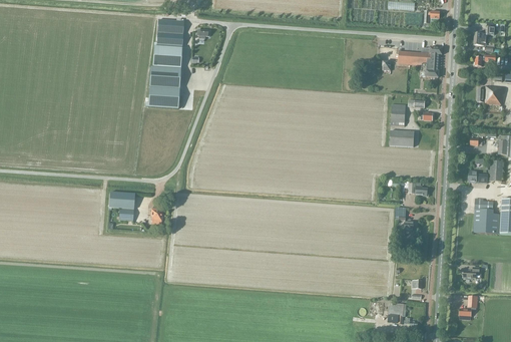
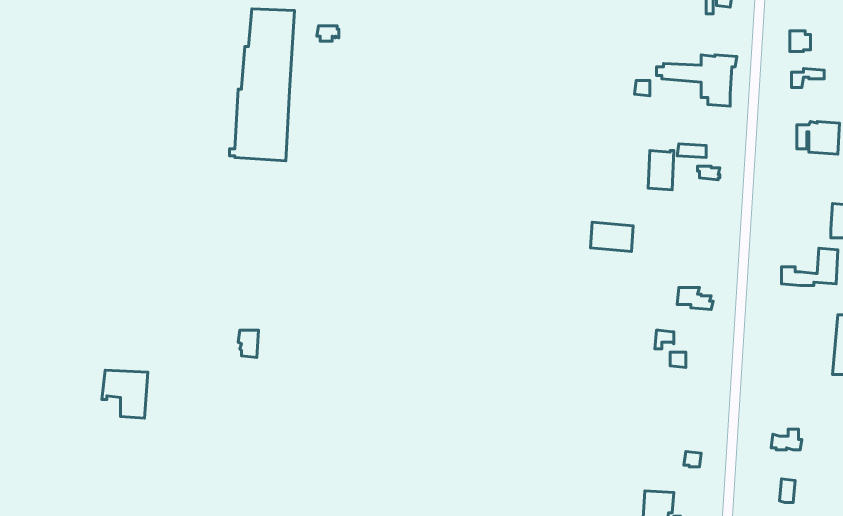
building: [390,129,415,146] -> [591,222,633,251]
building: [108,193,135,221] -> [102,370,148,418]
building: [473,199,499,234] -> none

